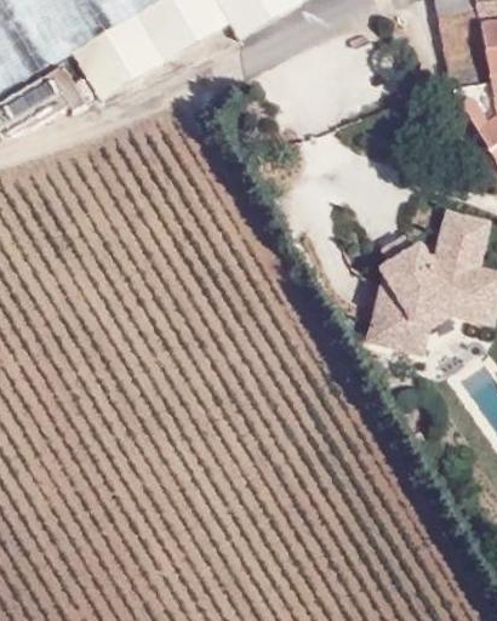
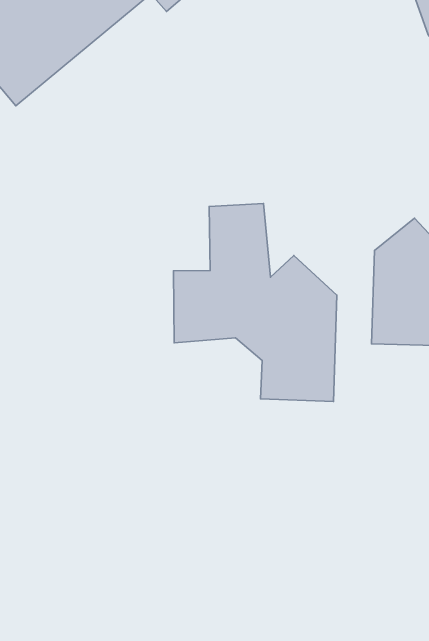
building: none -> [174,204,337,401]

